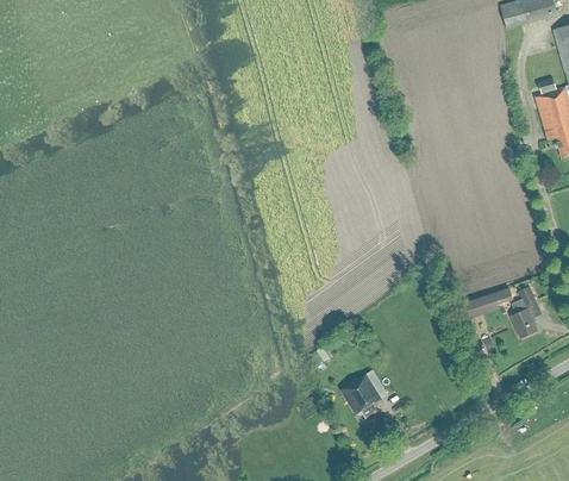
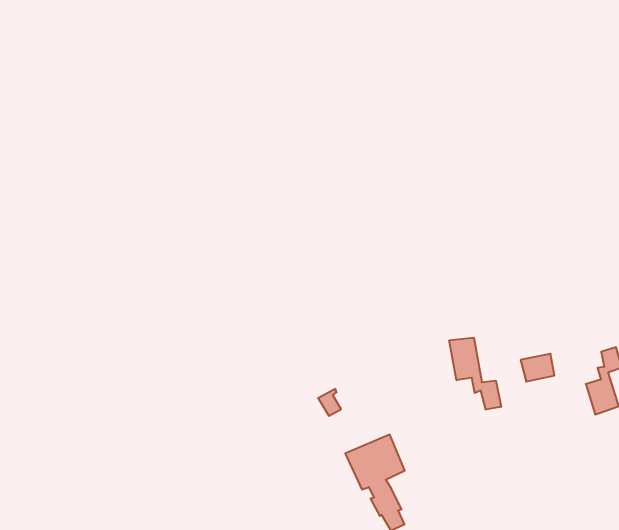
building: none -> [449,338,501,410]

